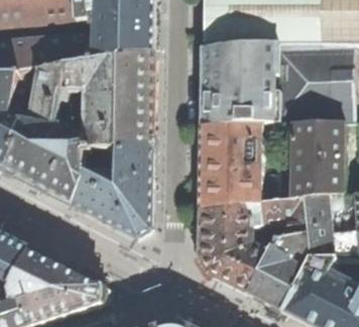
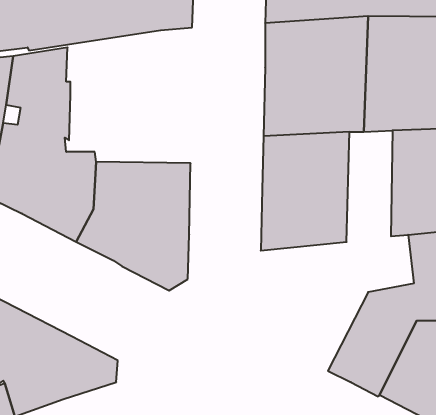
building: [62,51,150,147] -> none
building: [199,198,307,294] -> none

